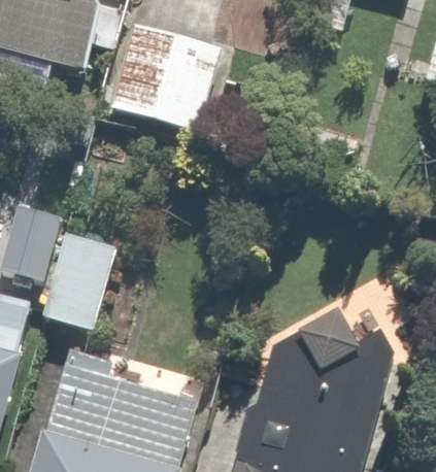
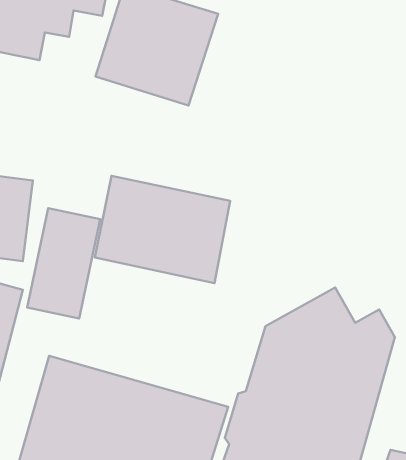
building: none -> [95,176,230,283]

